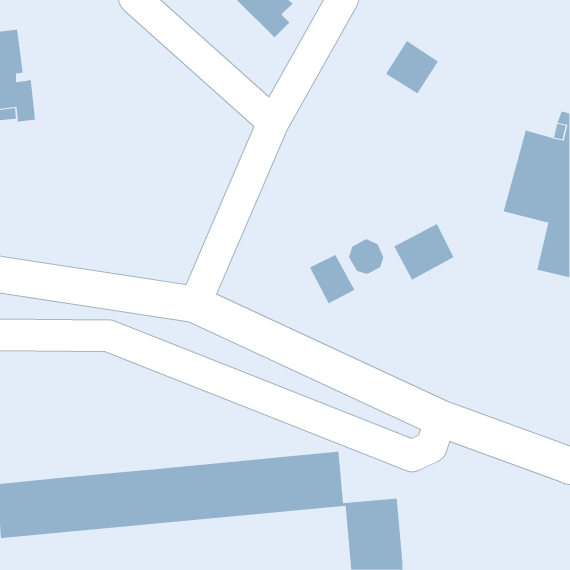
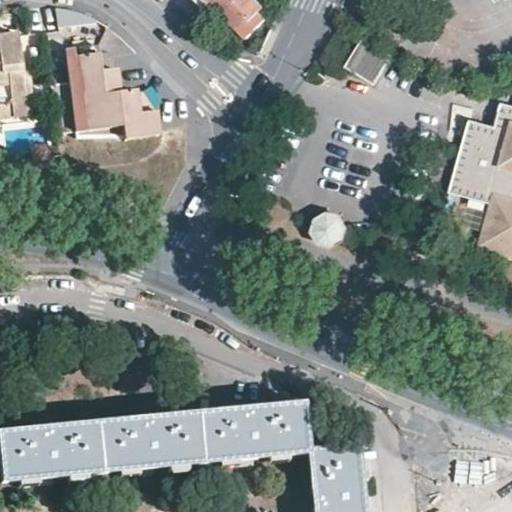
building: none -> [66,46,158,130]
building: [393,223,454,280] -> none
building: [309,254,355,304] -> none

